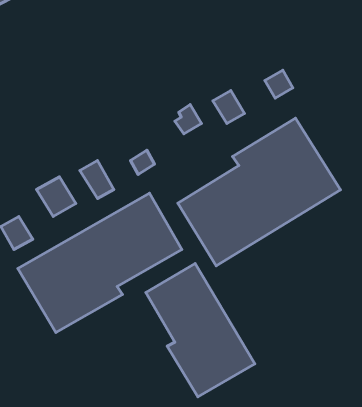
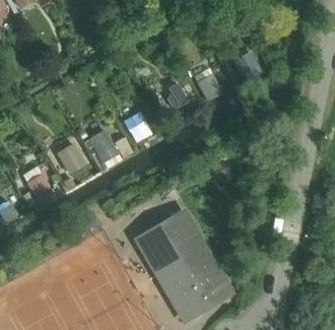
building: [178,118,340,266] -> none
building: [18,193,182,333] -> none

